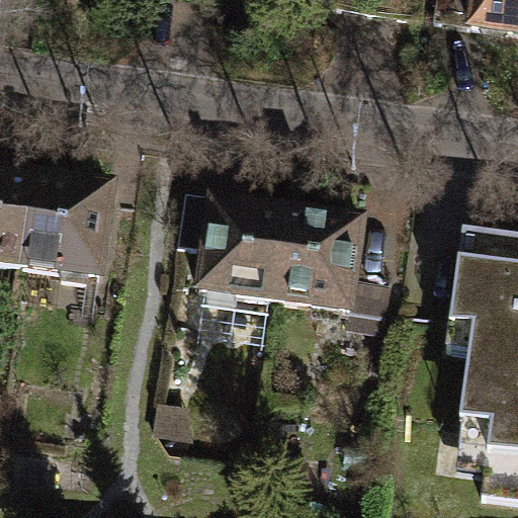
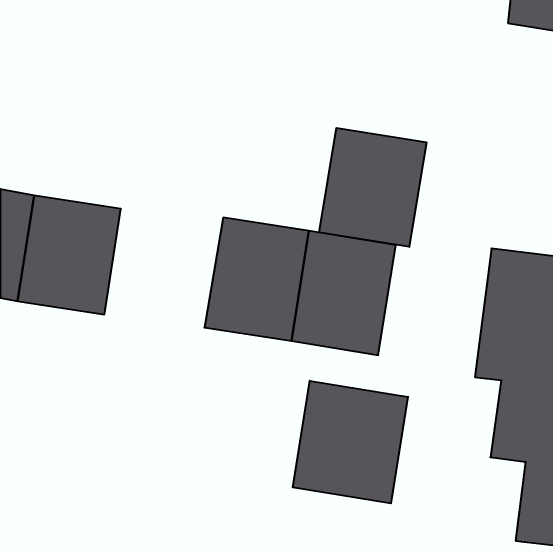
building: none -> [319,128,426,247]
building: none -> [293,381,408,503]

